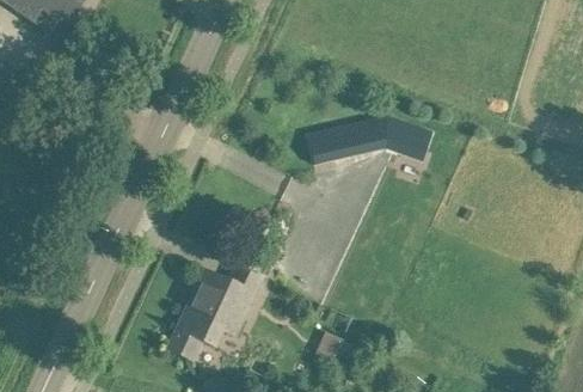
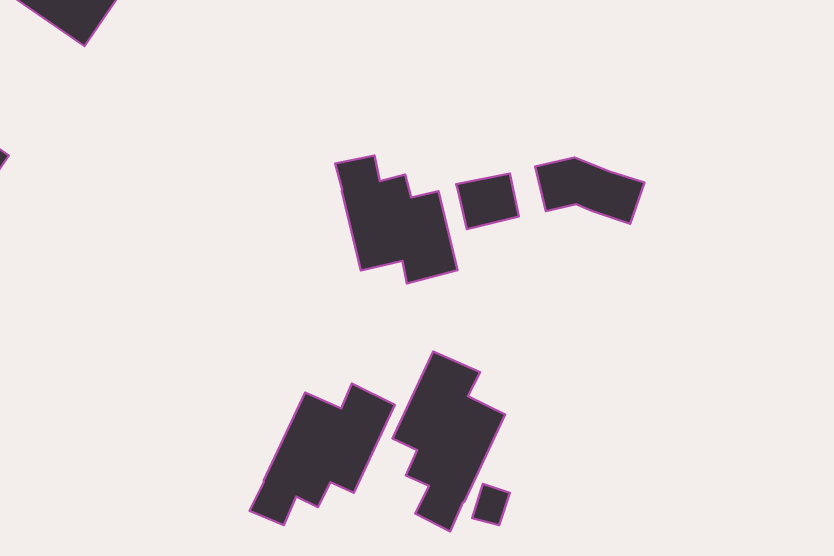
building: none -> [335,155,457,283]
building: none -> [392,351,505,532]

